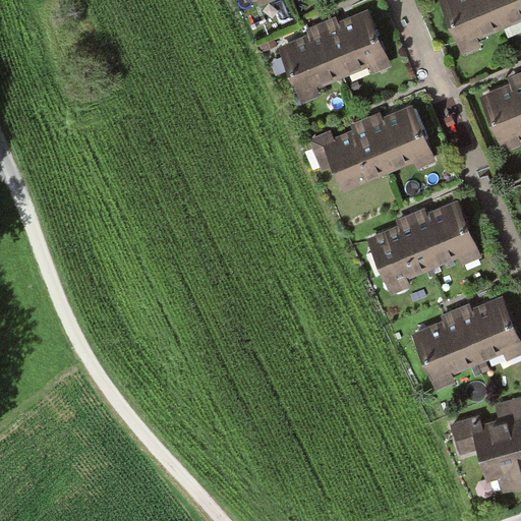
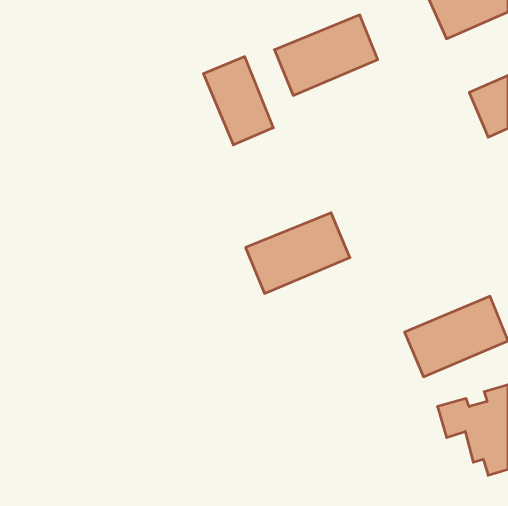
building: none -> [203,57,273,145]
building: [323,107,429,188] -> none
building: [371,205,478,287] -> [246,213,350,293]

